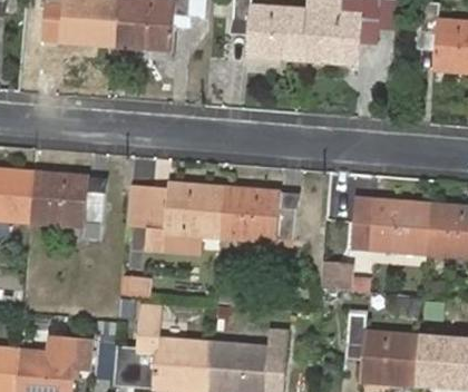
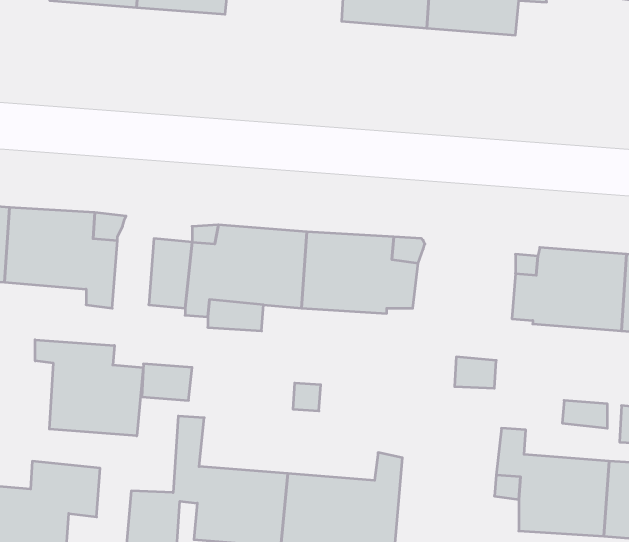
building: none -> [35,340,143,436]

